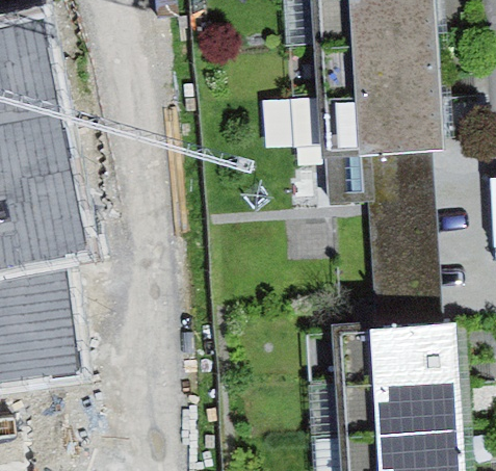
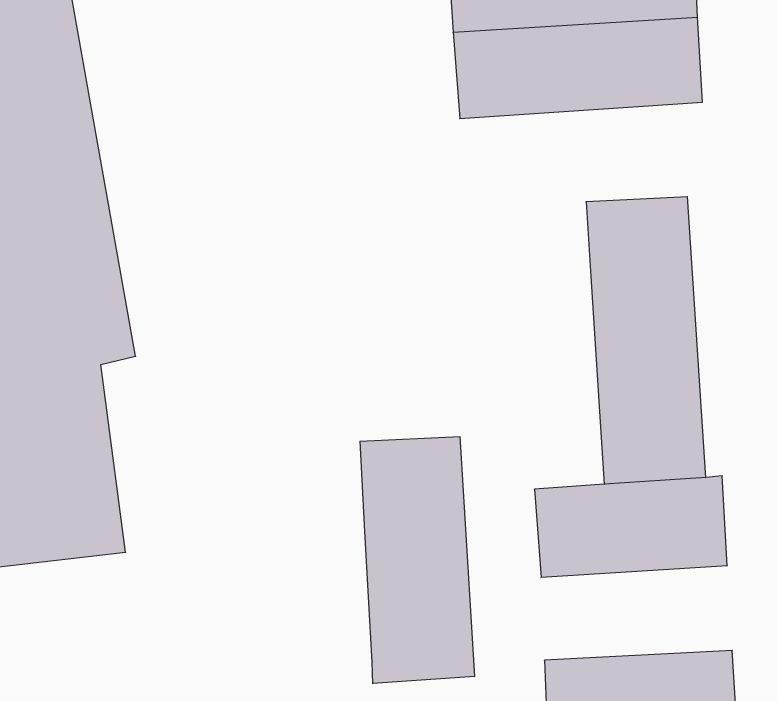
building: [288,95,442,209] -> none
building: none -> [360,437,474,684]
building: [339,385,459,444] -> none

